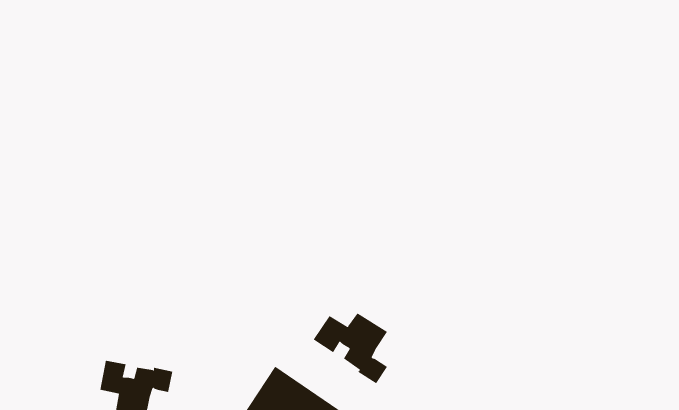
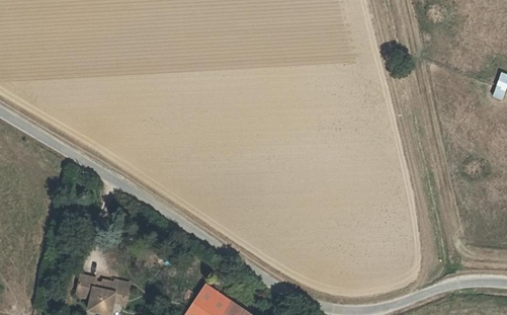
building: [313,312,388,384] -> none

